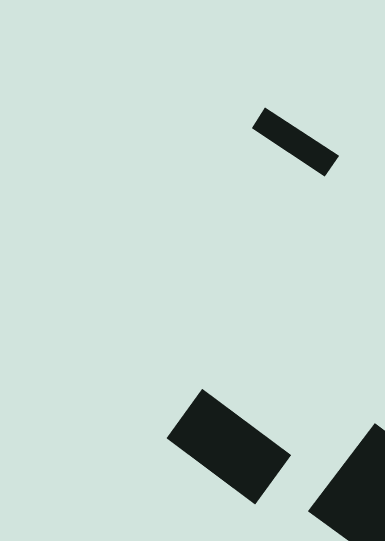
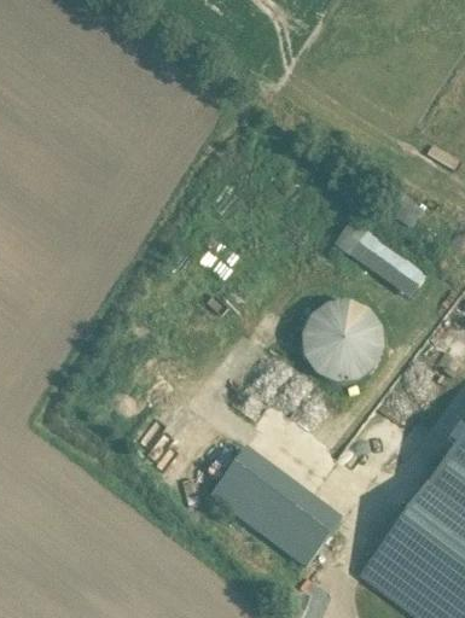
building: [251,107,340,177] -> [336,220,430,295]
building: none -> [302,301,383,383]

